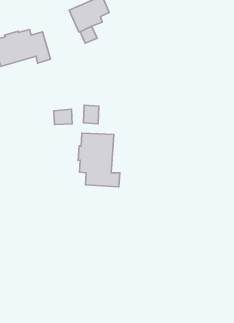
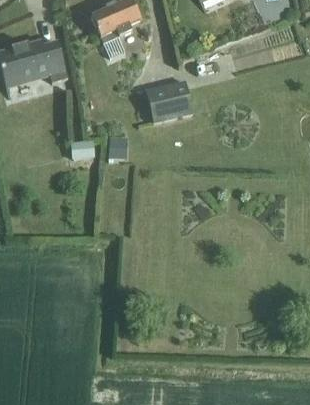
building: none -> [145,81,192,122]
building: [78,133,120,187] -> none

